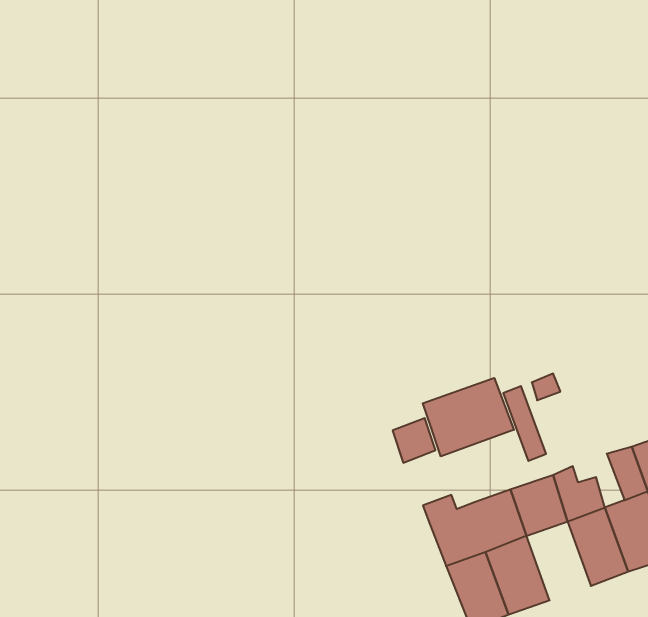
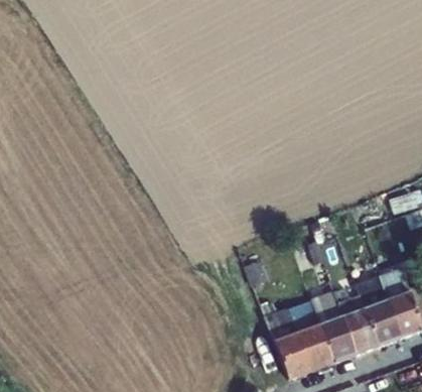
building: [423,378,514,456] -> none
building: none -> [319,319,356,364]

